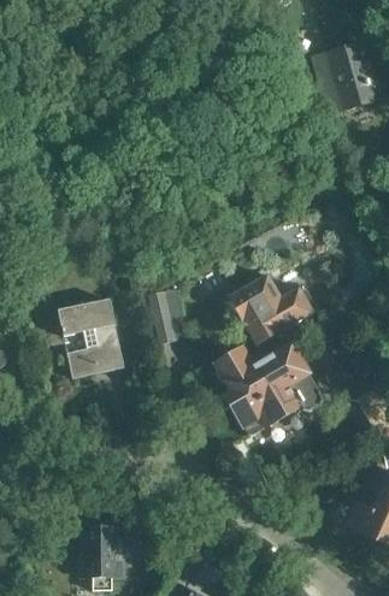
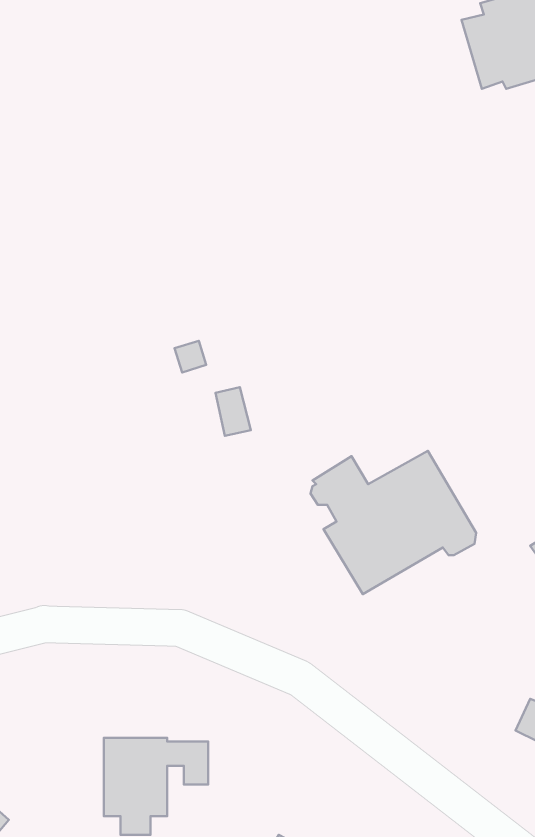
building: [228,271,317,341] -> none
building: [57,297,123,378] -> none

